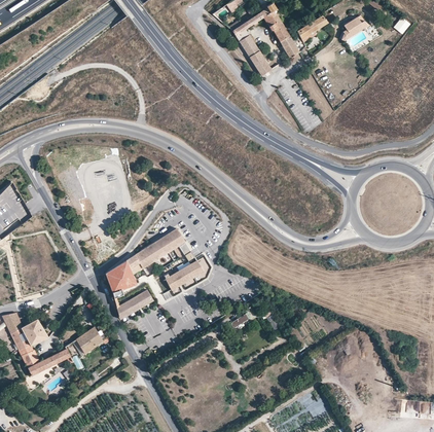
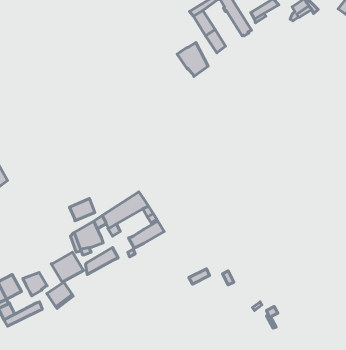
building: none -> [177,43,208,77]
building: none -> [69,199,95,221]
building: none -> [51,252,83,282]
building: none -> [23,272,47,296]

